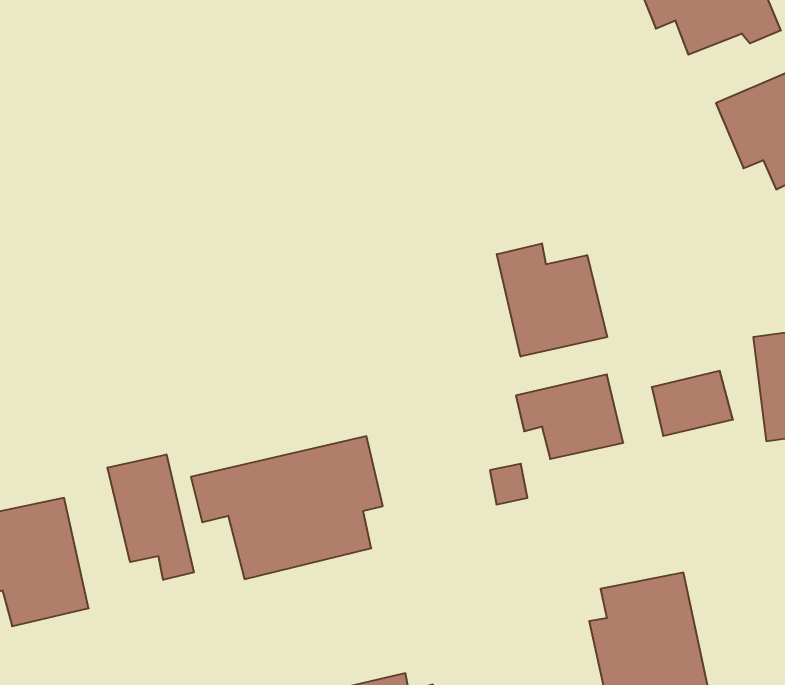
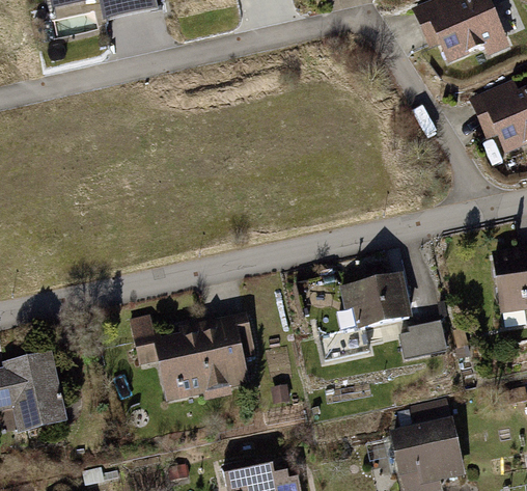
building: [497,243,607,357] -> none
building: [652,371,733,436] -> [397,319,449,360]
building: [108,454,194,580] -> none

